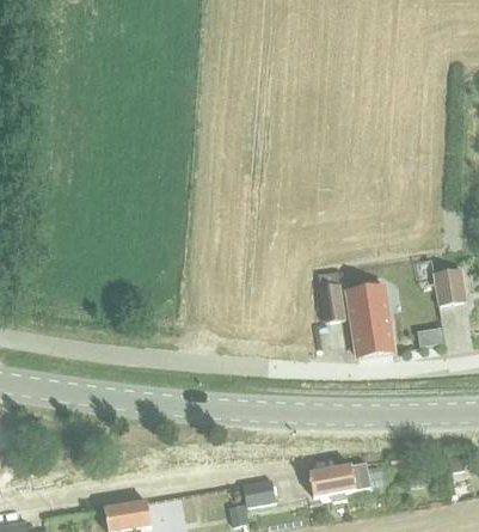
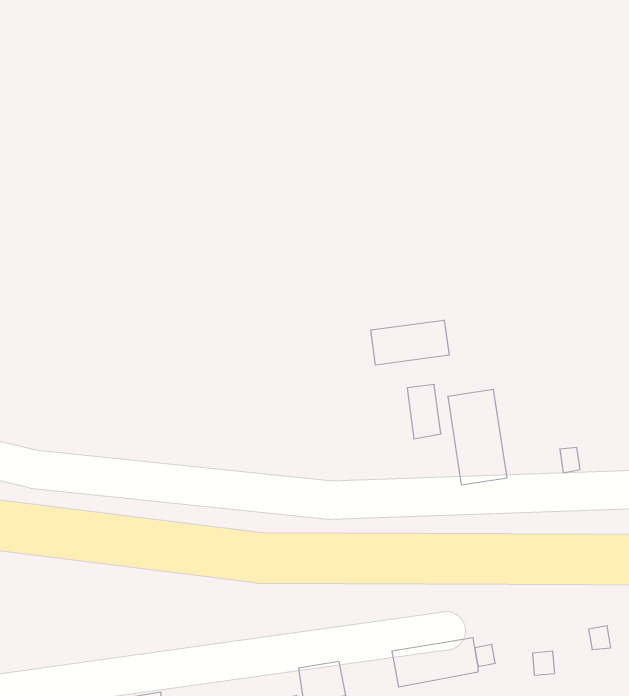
building: none -> [371,320,449,365]
building: [431,268,465,305] -> none

